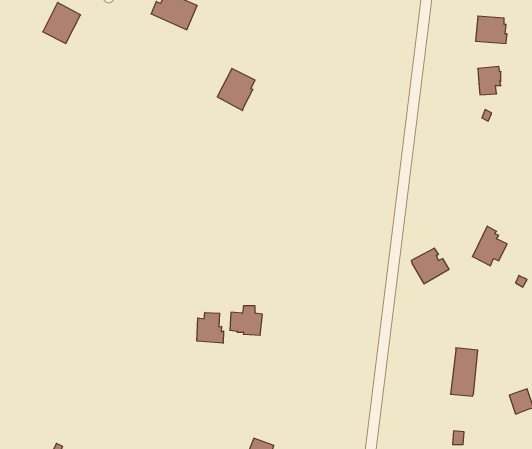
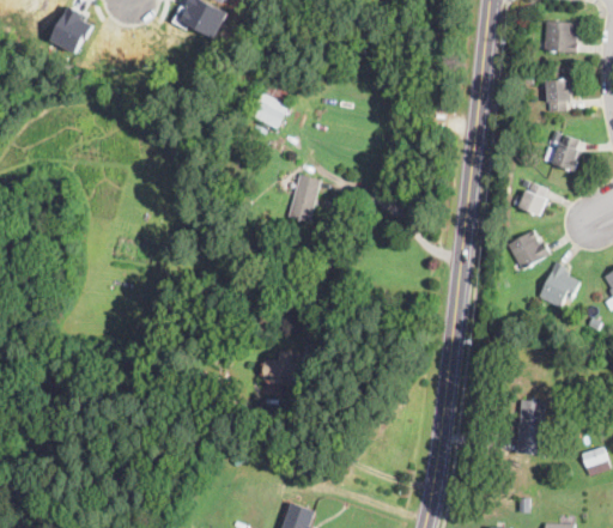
building: none -> [541,134,582,171]
building: none -> [286,175,318,221]
building: none -> [518,182,548,216]
building: [411,248,449,284] -> [506,230,550,271]
building: [197,312,224,343] -> none

